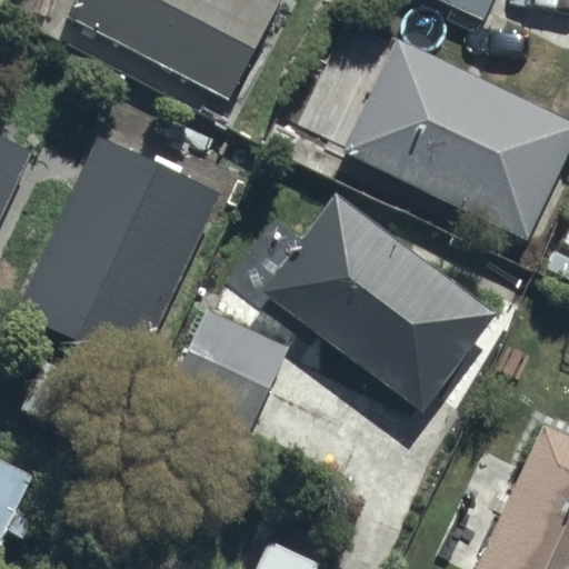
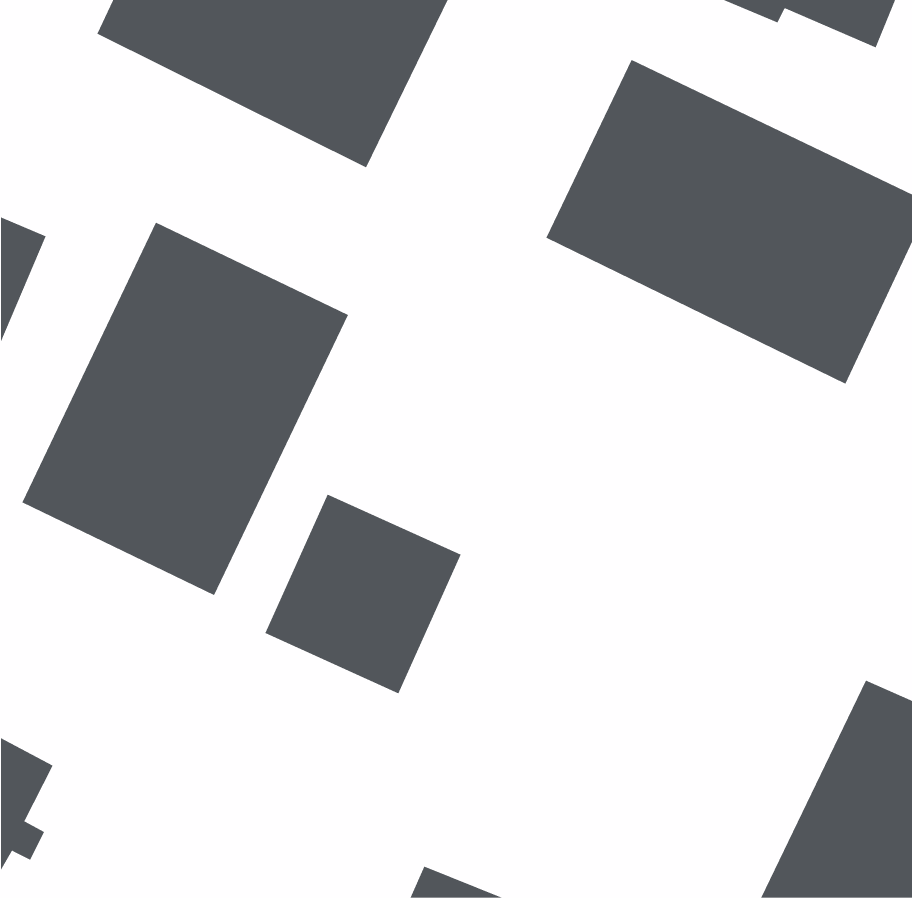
building: [261,191,498,412] -> none

